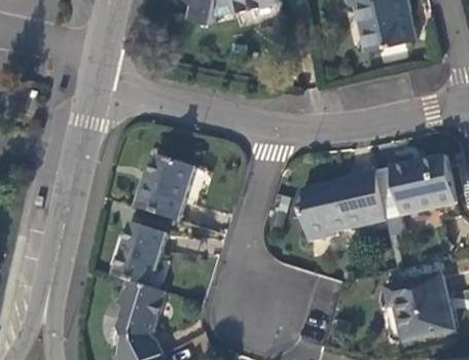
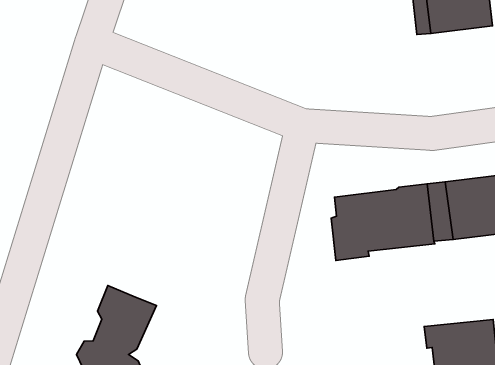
building: [135,155,194,220] -> none
building: [112,222,166,287] -> none

